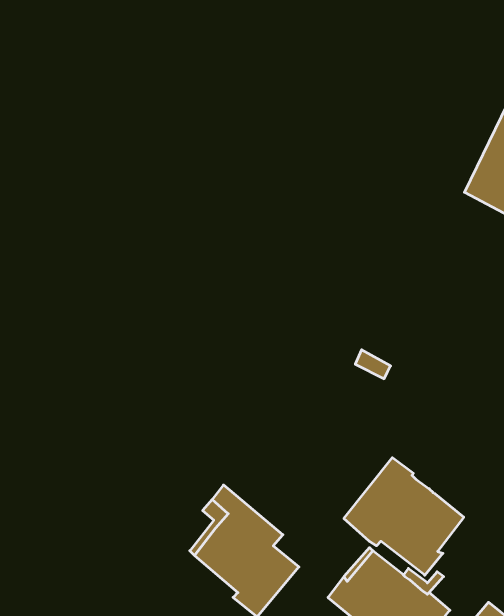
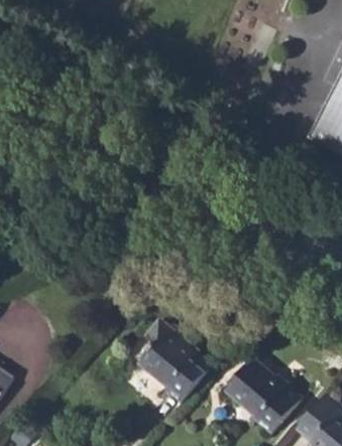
building: [344,458,464,575] -> none

